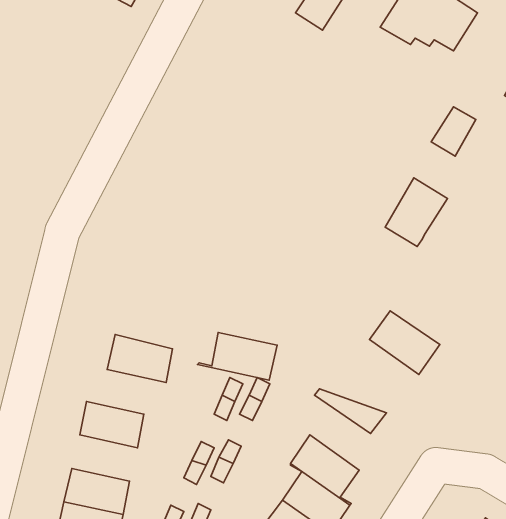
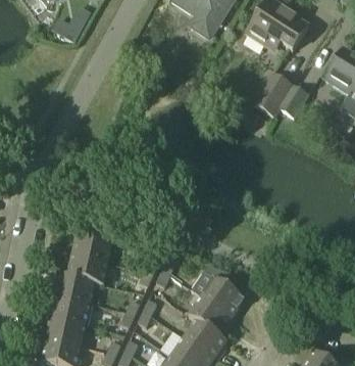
building: [385,178,447,246] -> [252,73,292,117]
building: [369,311,440,375] -> [200,278,245,319]
building: [198,333,277,380] -> [57,255,108,285]
building: none -> [48,296,90,326]

